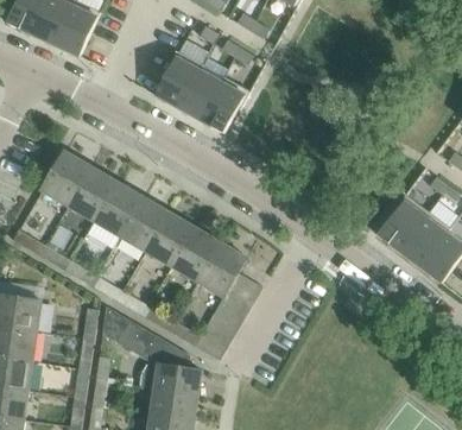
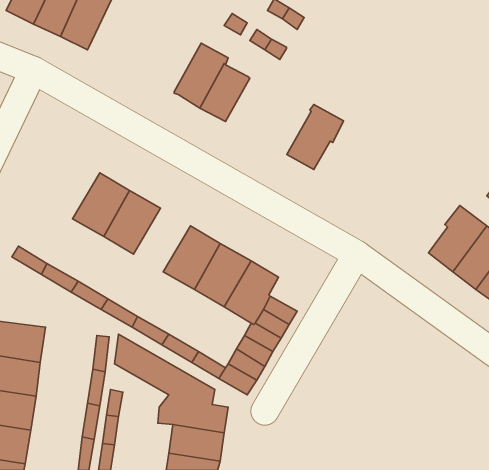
building: [200,76,249,133] -> [287,105,344,170]
building: [40,151,89,205] -> none
building: [119,196,169,252] -> none

